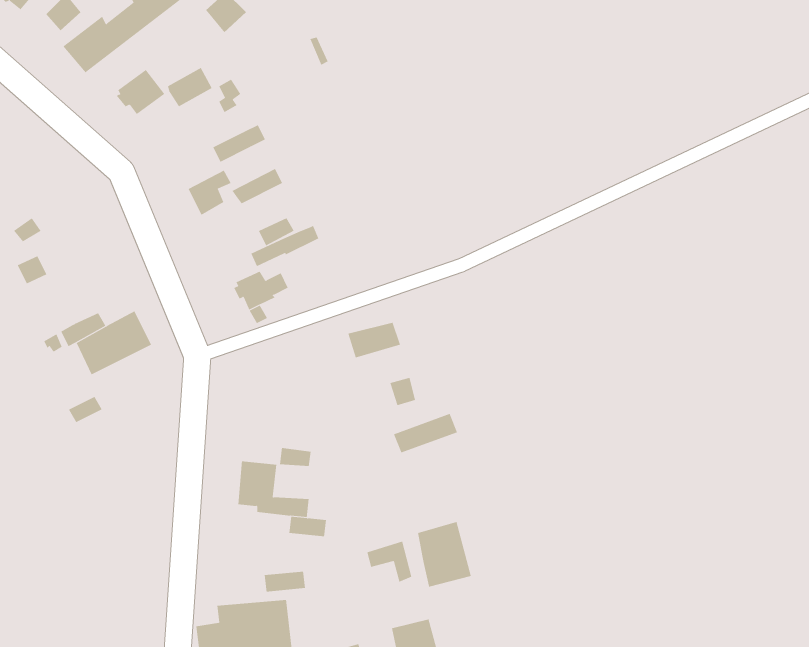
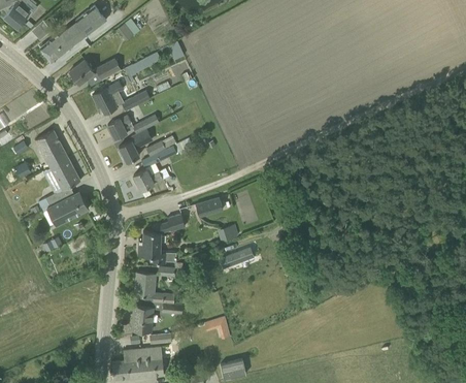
building: none -> [92,82,123,115]
building: none -> [34,130,80,191]
building: none -> [119,132,145,162]
building: none -> [137,215,185,263]
building: none -> [130,305,154,332]
building: [417,521,471,588] -> none

